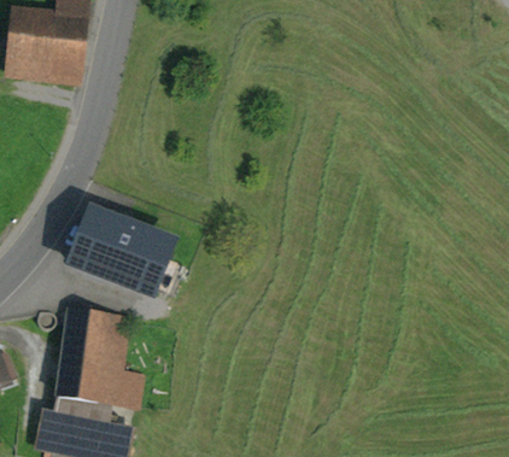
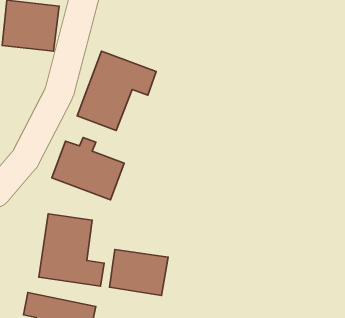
building: none -> [77,51,156,131]
building: none -> [109,249,168,296]

